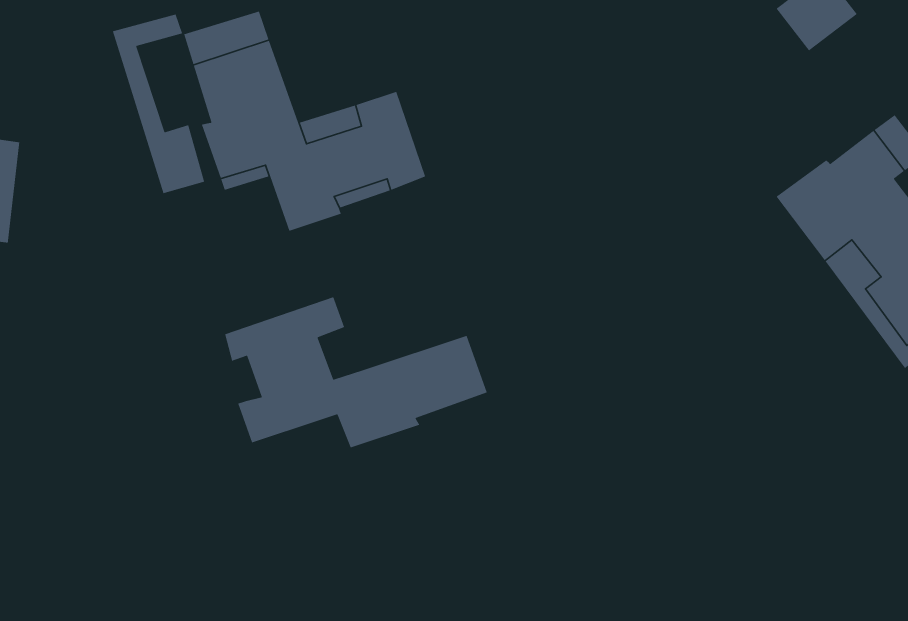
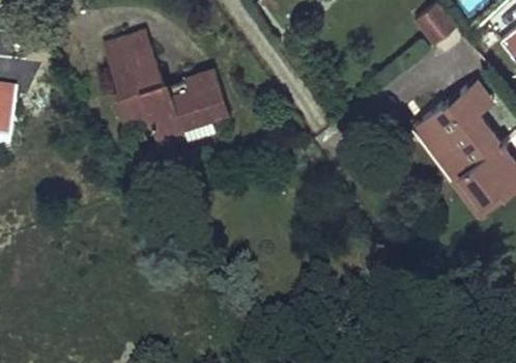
building: [112,14,205,194] -> none
building: [224,296,488,448] -> none

